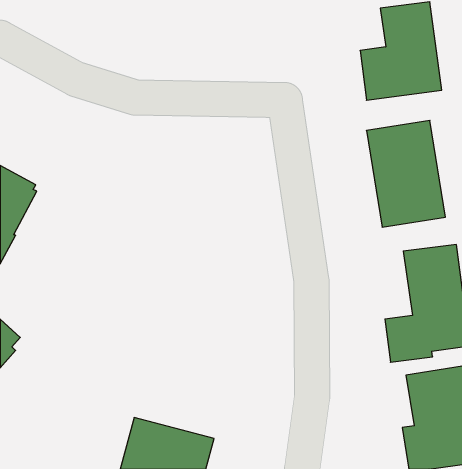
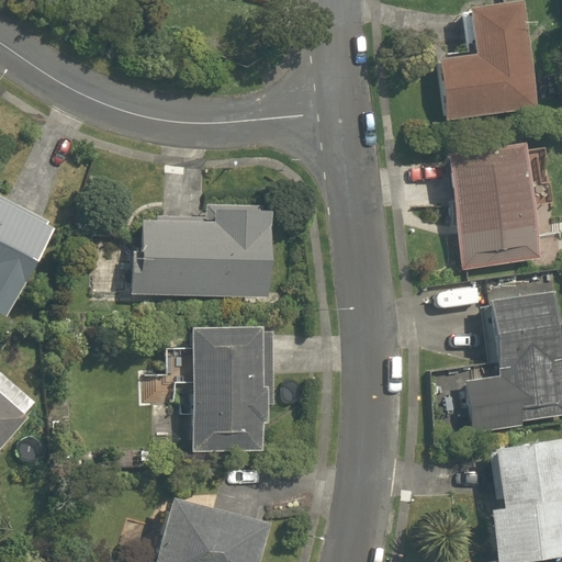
building: none -> [132,202,272,299]
building: none -> [177,327,279,450]

